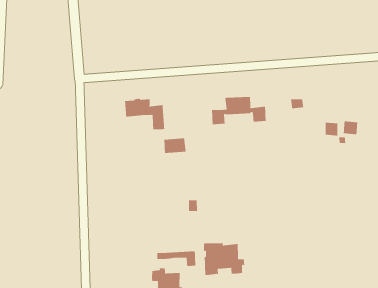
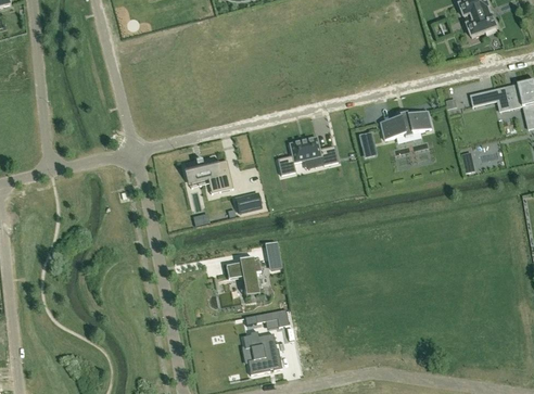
building: none -> [379,110,430,139]
building: none -> [225,256,259,295]
building: [203,242,245,276] -> none

